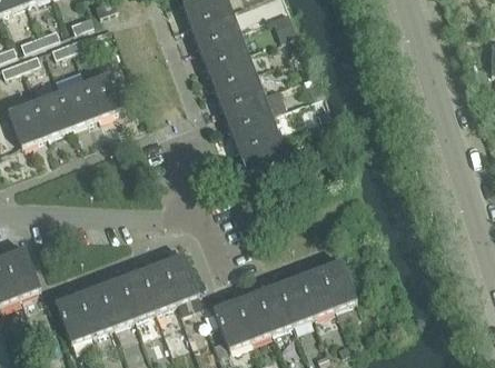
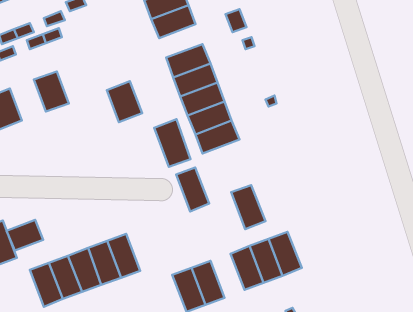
building: [199,28,247,64] -> none
building: [86,70,125,116] -> [107,81,142,122]
building: [33,89,73,135] -> none
building: none -> [154,119,190,167]
building: none -> [7,220,43,251]
building: [162,252,199,301] -> [176,167,209,211]
building: [256,282,294,331] -> [231,185,265,229]

